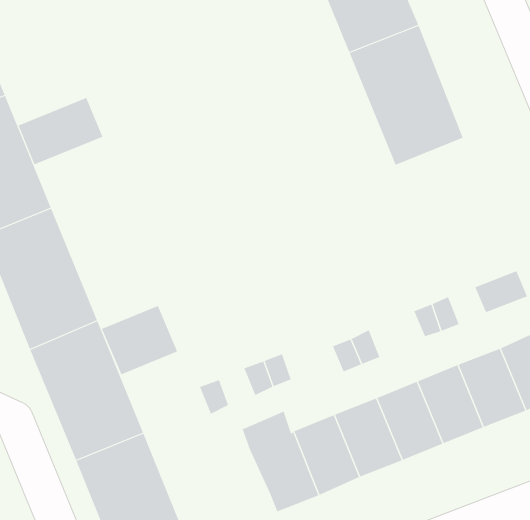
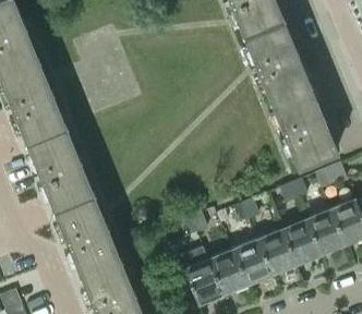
building: [18,97,103,165] -> none
building: none -> [268,84,337,168]
building: [101,305,178,375] -> none

